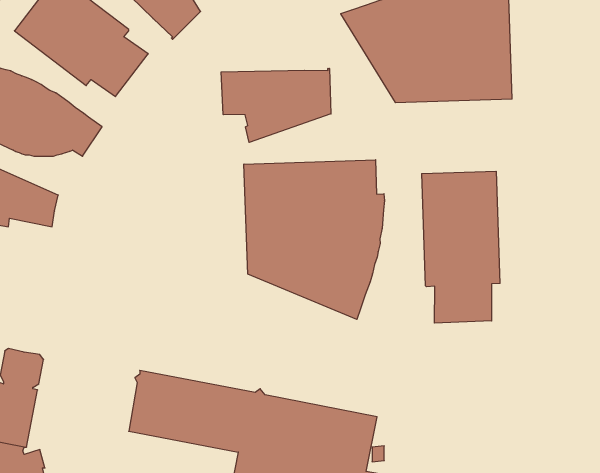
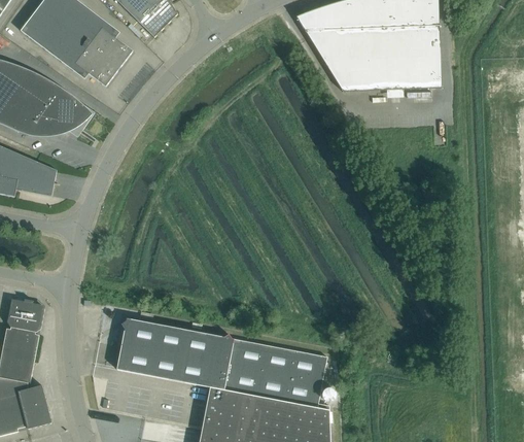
building: [221,68,331,142] -> none
building: [244,160,384,319] -> none
building: [422,171,500,323] -> none

